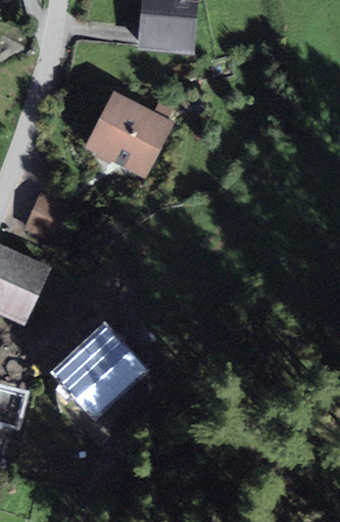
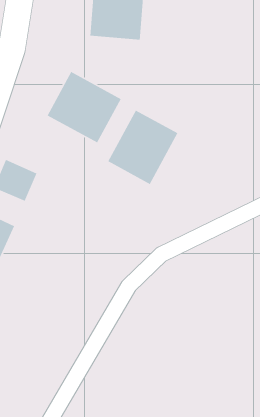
building: none -> [107,109,178,185]
building: [54,324,141,410] -> none

